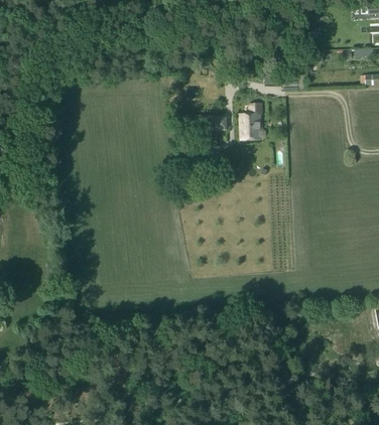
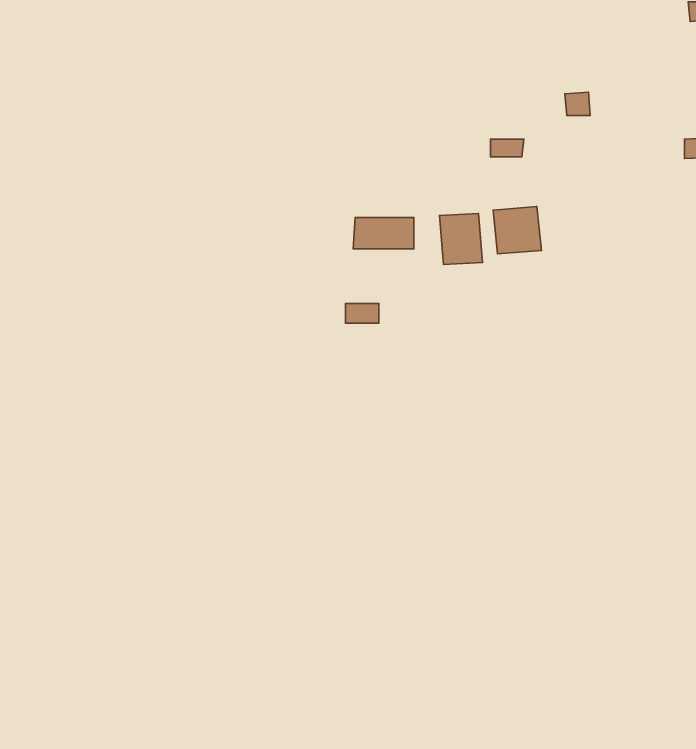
building: none -> [493,207,541,254]

